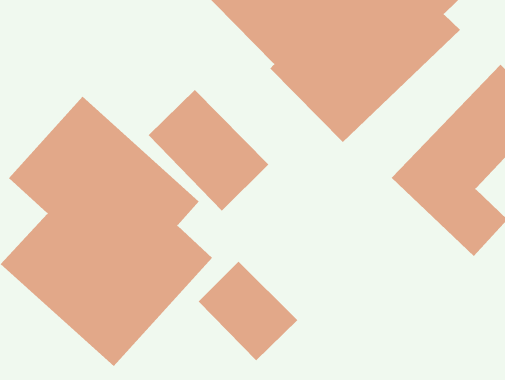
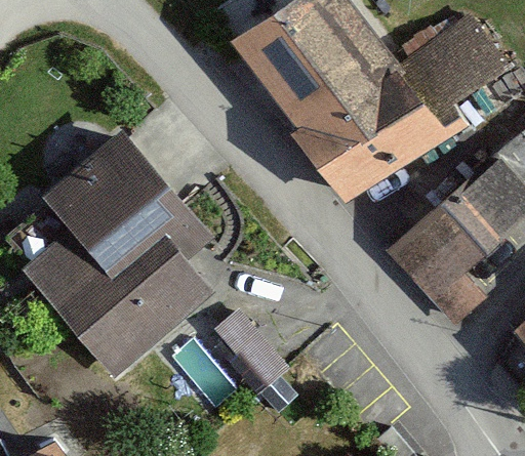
building: [148,89,269,211] -> none

